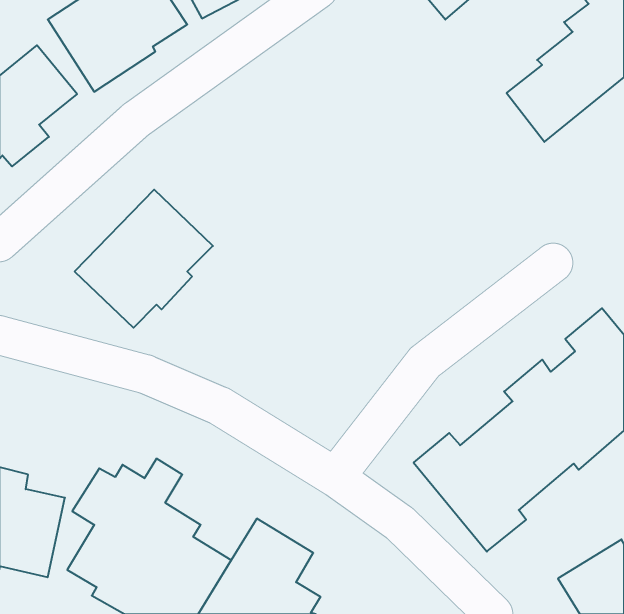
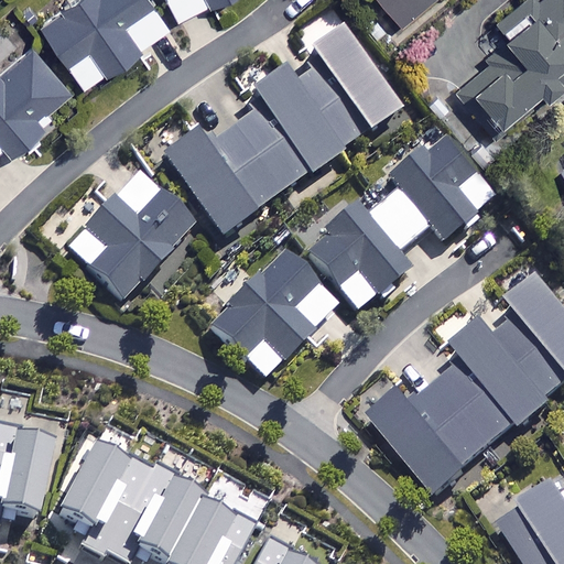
building: none -> [164,28,406,239]
building: none -> [308,137,497,311]
building: none -> [214,252,339,379]

